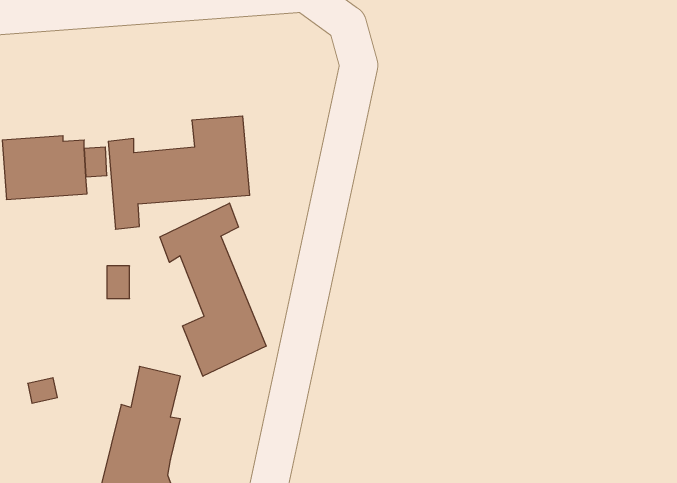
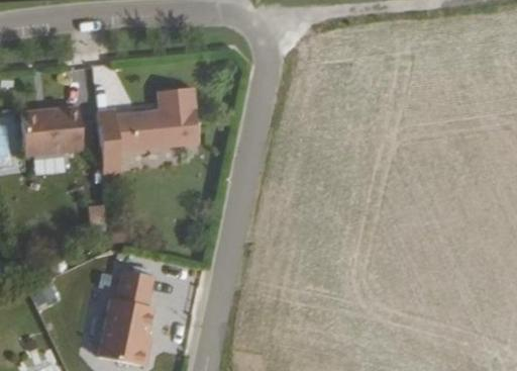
building: [160,203,266,376] -> none

